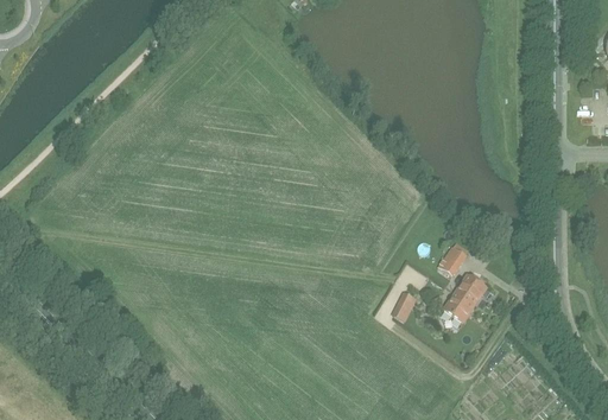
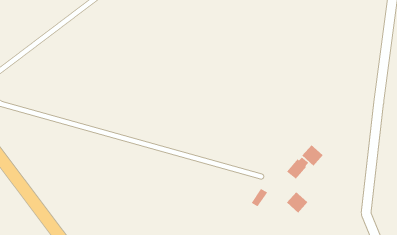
building: [456,273,487,304] -> [301,144,323,167]

